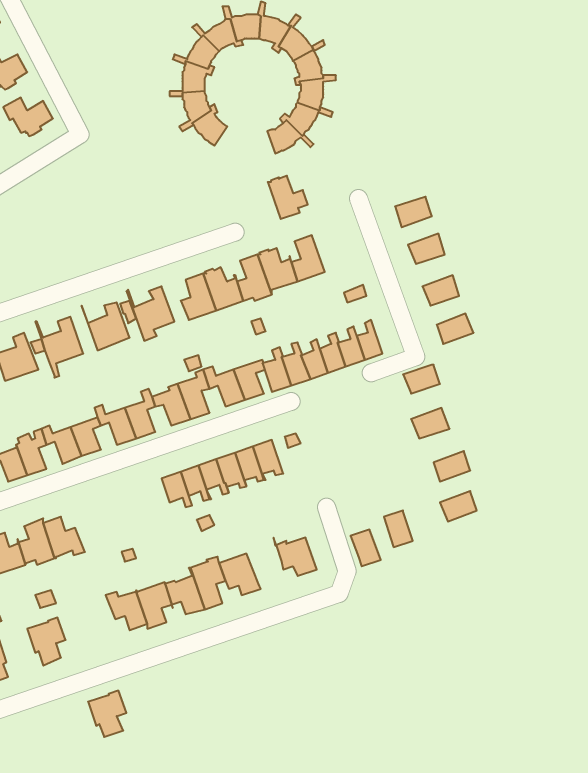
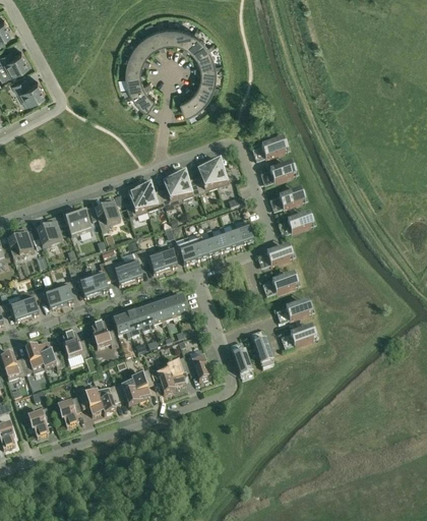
building: [268,176,308,219] -> [208,160,234,187]
building: none -> [92,322,118,348]
building: none -> [62,332,88,358]
building: none -> [167,356,189,387]
building: [88,691,126,737] -> [57,397,81,426]

